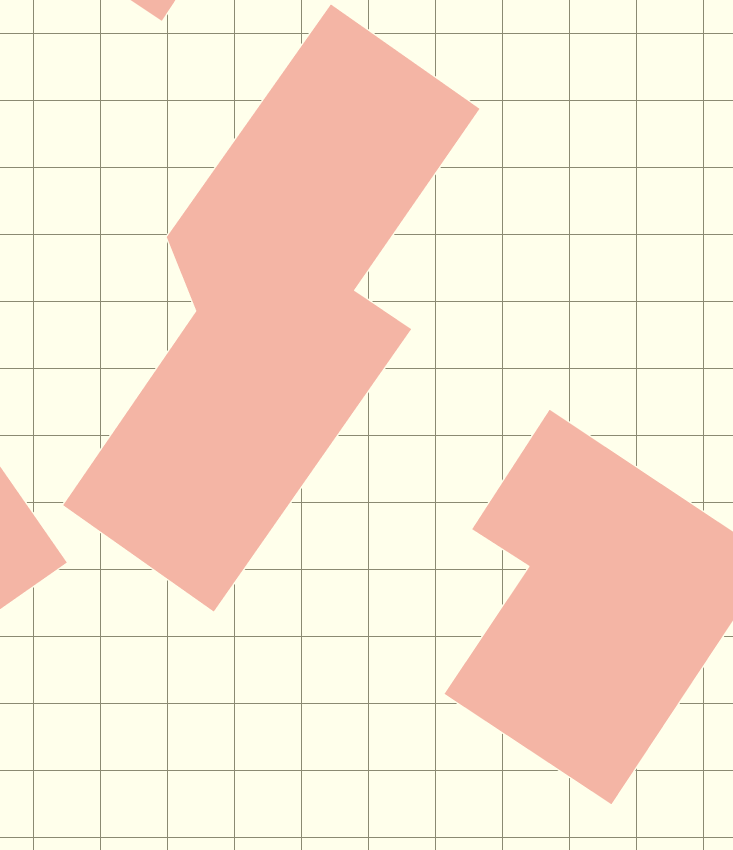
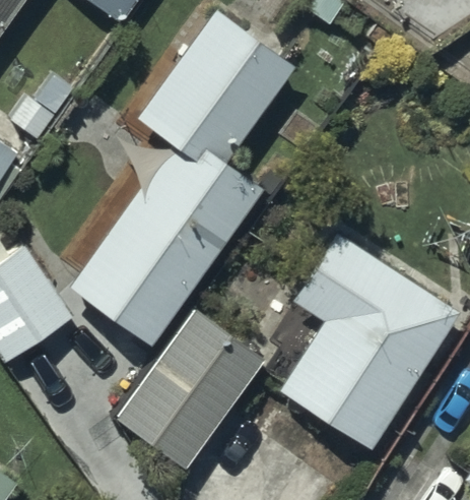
building: none -> [118,310,263,465]

